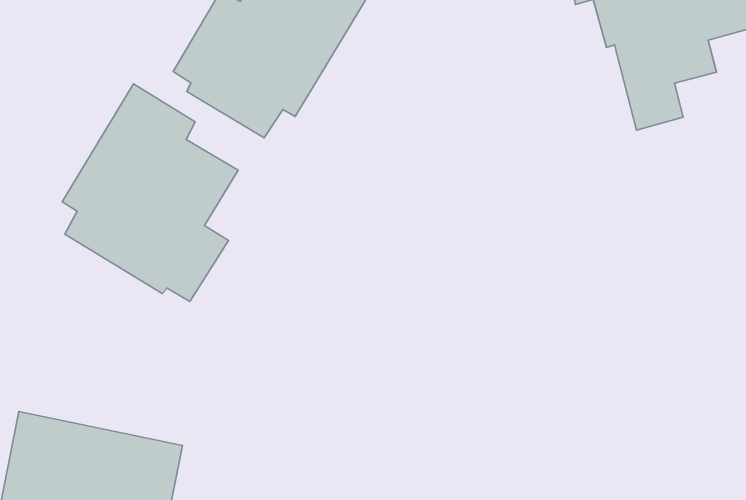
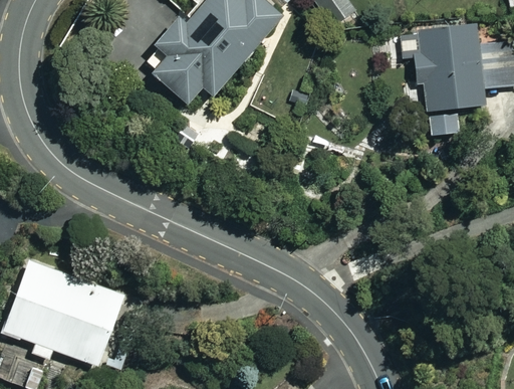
building: [62,84,238,301] -> none

